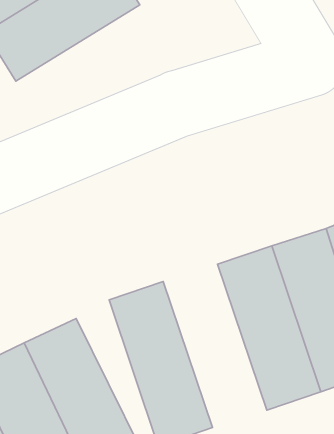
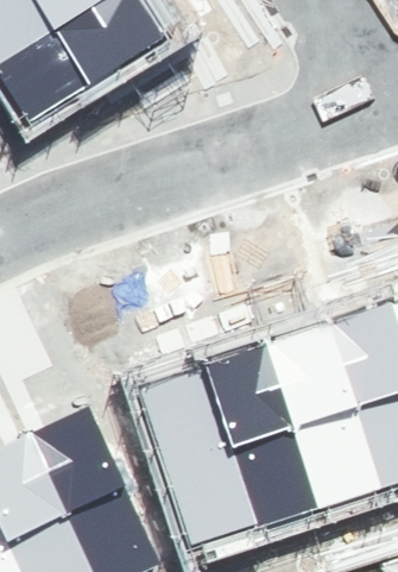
building: none -> [195,340,315,530]

